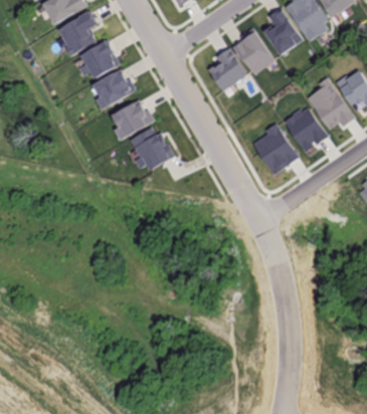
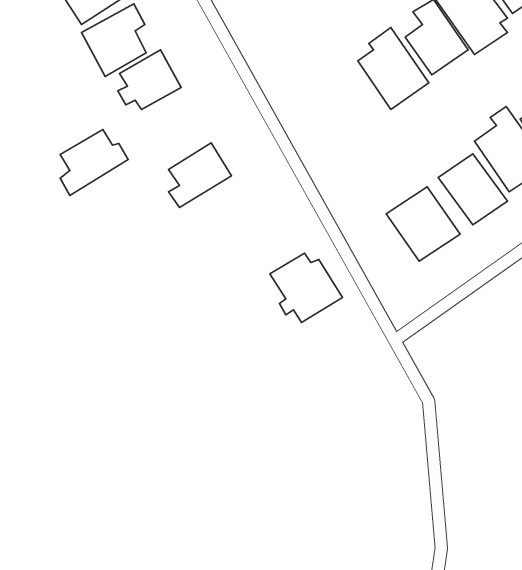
building: [208,47,247,89] -> none
building: [94,68,137,111] -> [60,129,128,196]
building: [130,128,176,172] -> [270,253,343,323]

